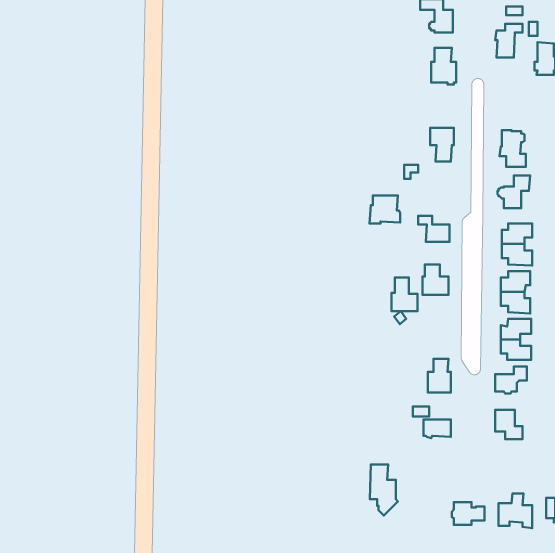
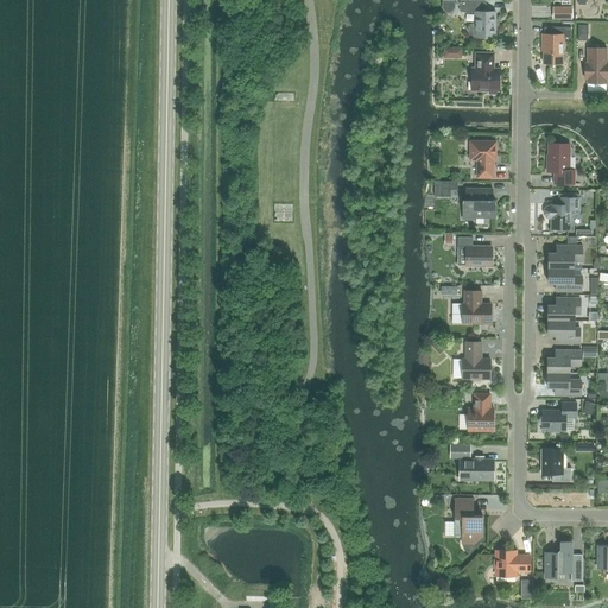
building: [370,195,400,224] -> [462,188,495,218]
building: [391,278,418,311] -> [462,341,490,378]
building: [370,464,398,515] -> [454,498,484,553]

